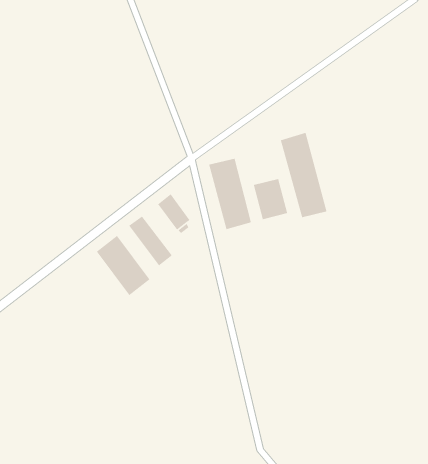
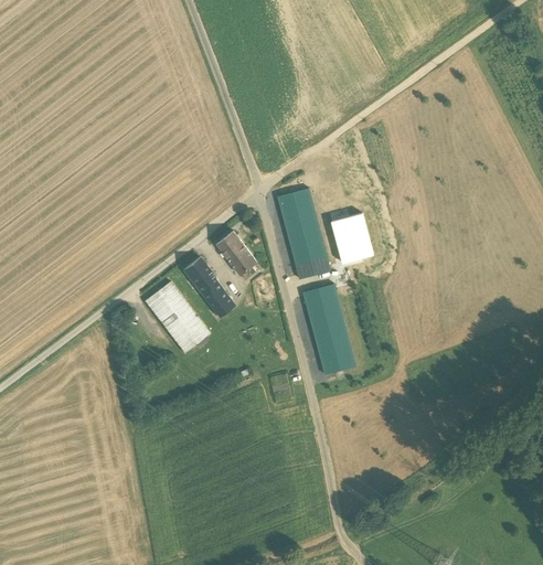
building: [280,132,328,218] -> none
building: none -> [304,287,355,373]

